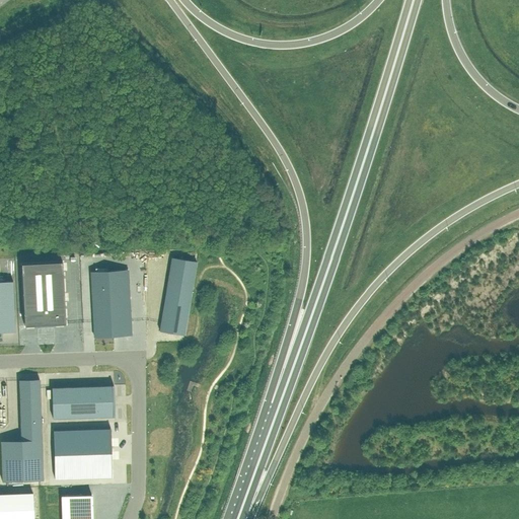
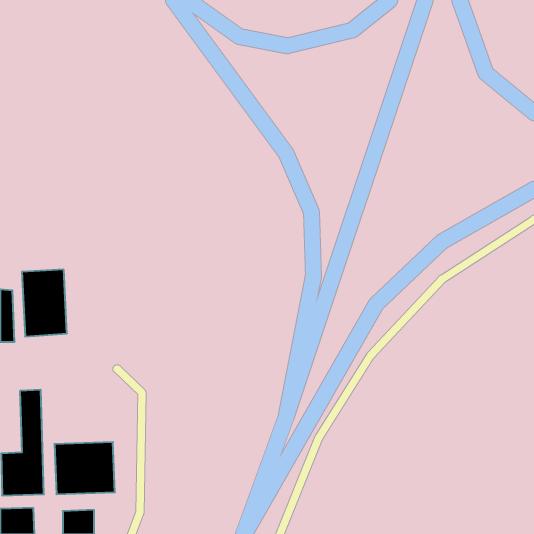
building: [159,257,197,335] -> none
building: [90,271,128,337] -> none
building: [52,386,114,419] -> none

